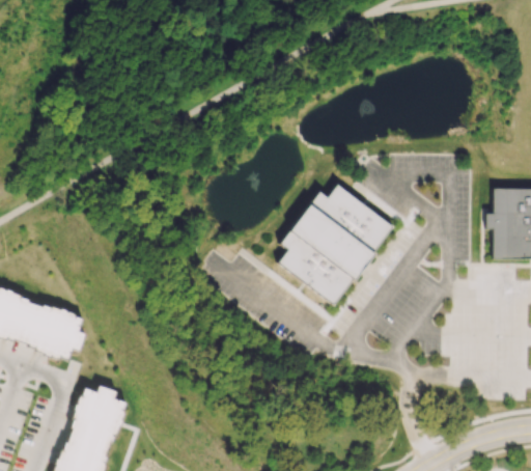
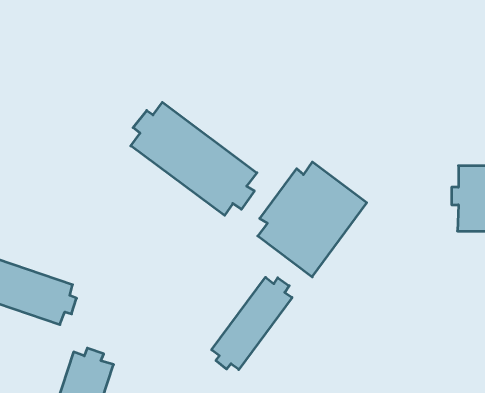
building: none -> [131,102,257,215]
building: none -> [212,277,292,370]

